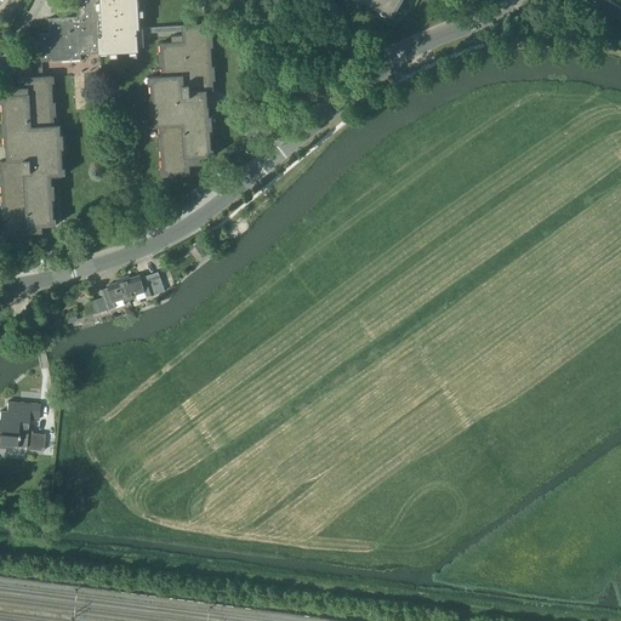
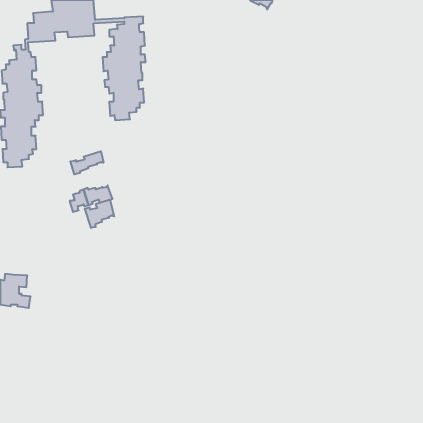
building: none -> [70,151,103,174]
building: none -> [85,200,114,228]

